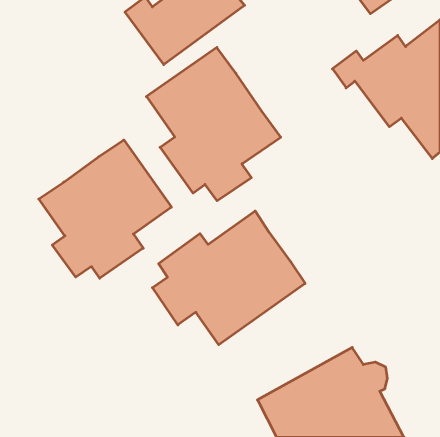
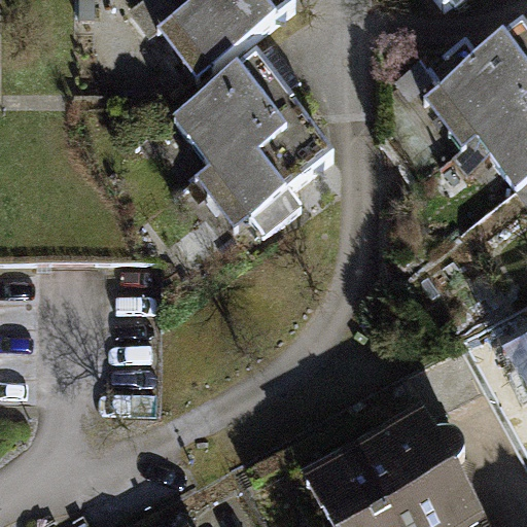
building: [39,140,171,278] -> none
building: [152,211,305,345] -> none

